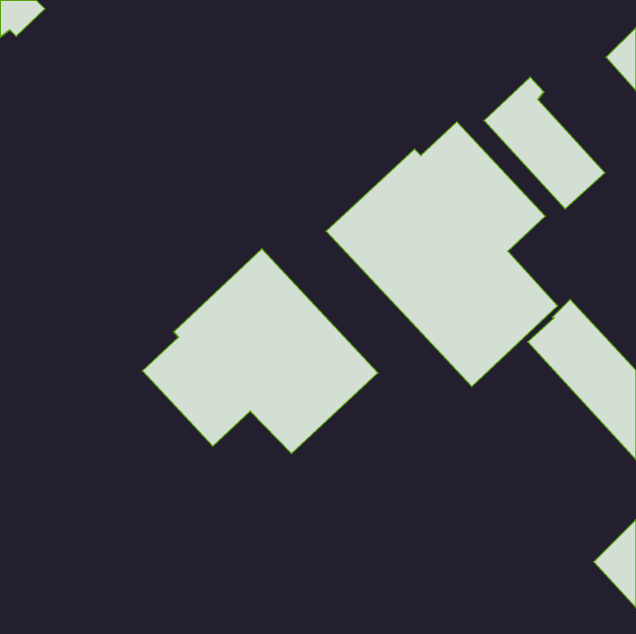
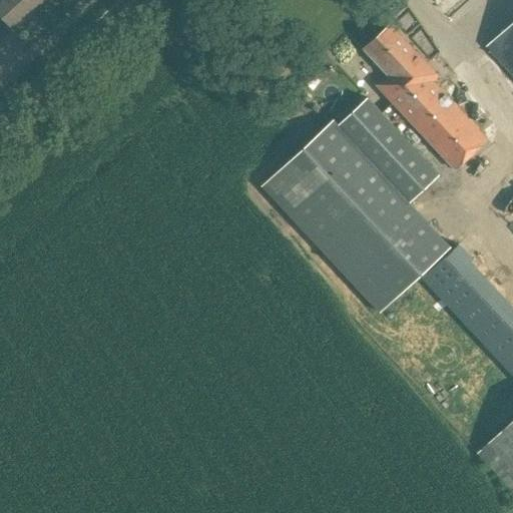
building: none -> [365,25,427,98]
building: [142,249,378,453] -> none

